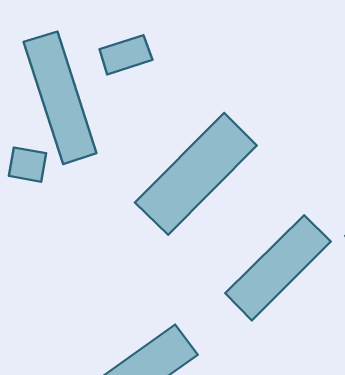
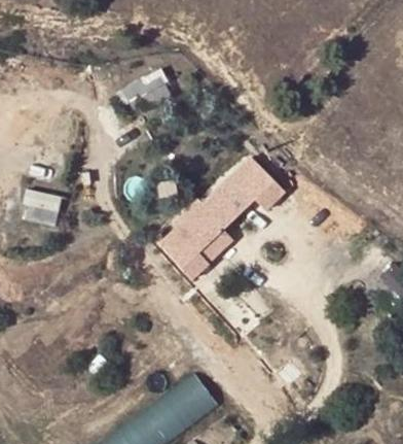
building: [23,31,97,164] -> none
building: [225,215,331,321] -> none

